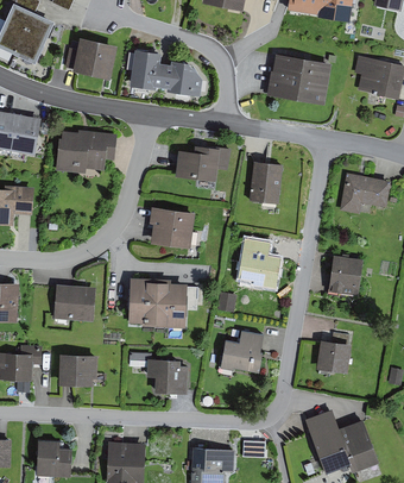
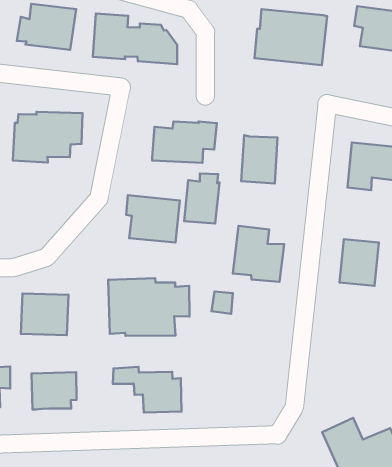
building: none -> [184,173,219,223]
building: [220,331,263,372] -> none
building: [315,333,351,374] -> none

